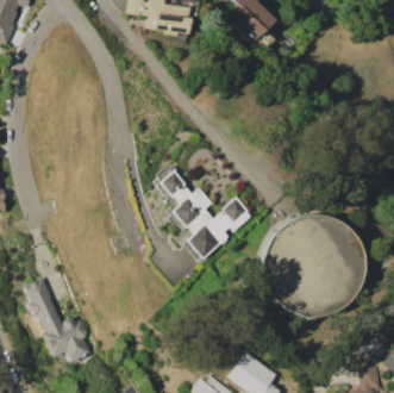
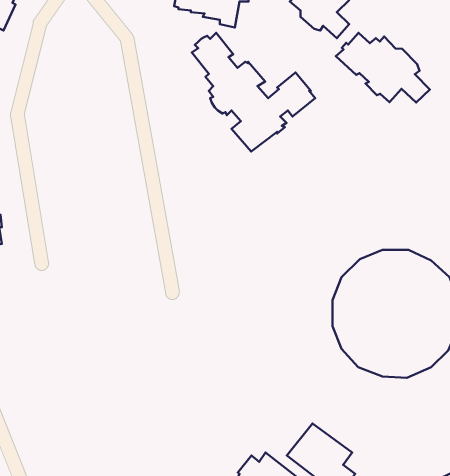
building: none -> [336,33,430,103]
building: [155,166,251,258] -> [192,33,315,152]
building: [21,276,92,366] -> none

